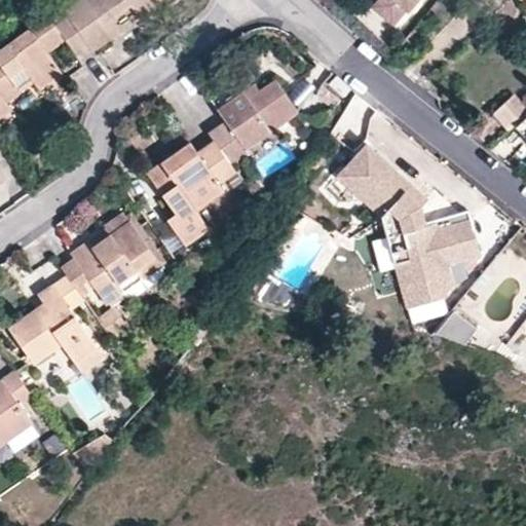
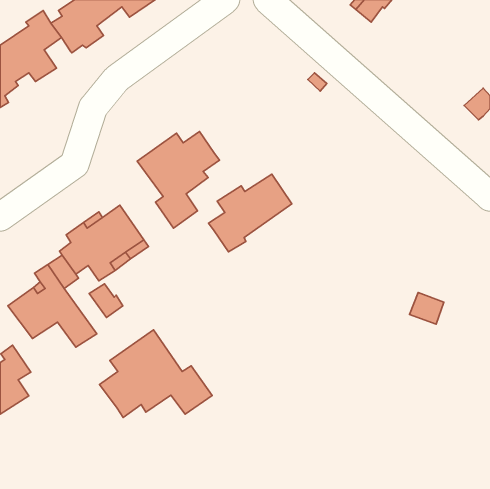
building: [208,80,297,163] -> [209,174,292,252]
building: [333,141,479,309] -> none
building: none -> [100,330,212,417]

